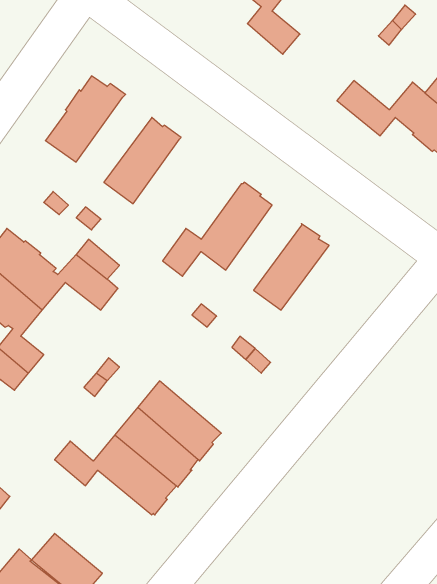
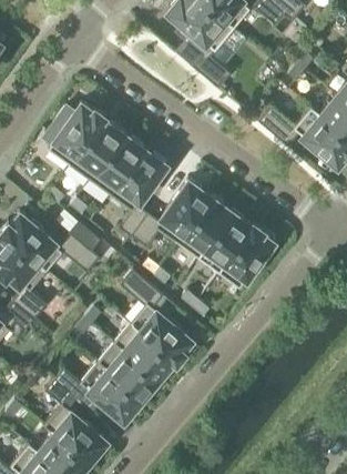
building: none -> [71,120,125,181]
building: none -> [112,150,167,238]
building: none -> [178,196,233,259]
building: none -> [218,224,274,290]
building: none -> [123,271,192,364]
building: none -> [45,381,108,463]

